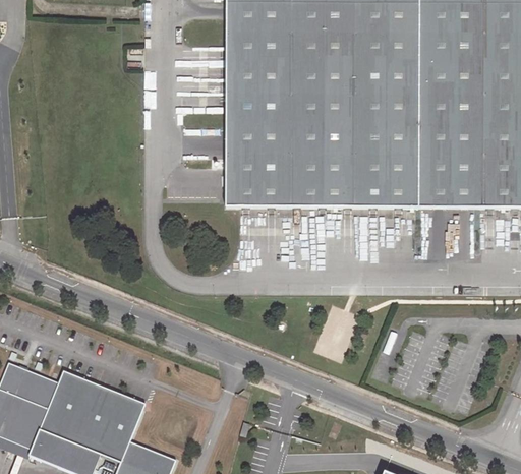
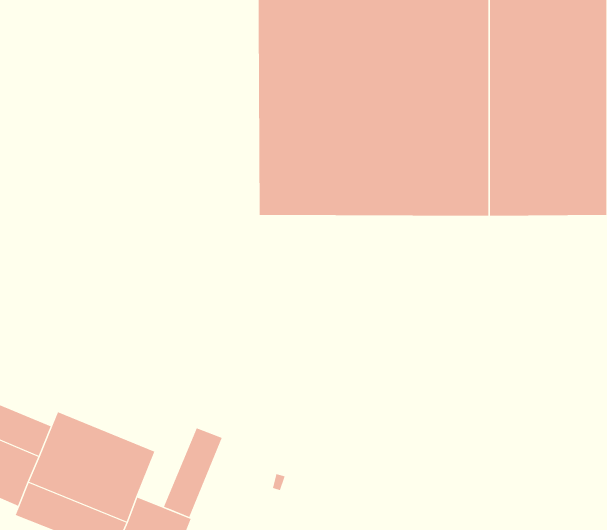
building: none -> [163,428,222,518]

